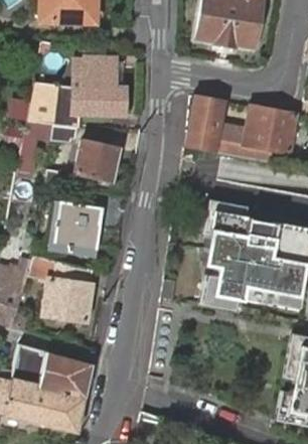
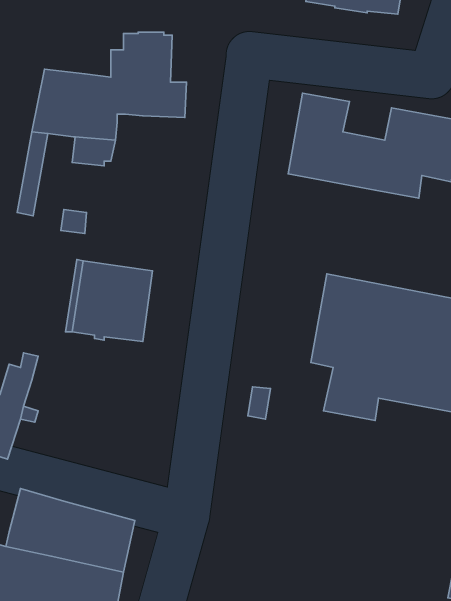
building: [76,141,121,181] -> none
building: [28,256,96,321] -> none

